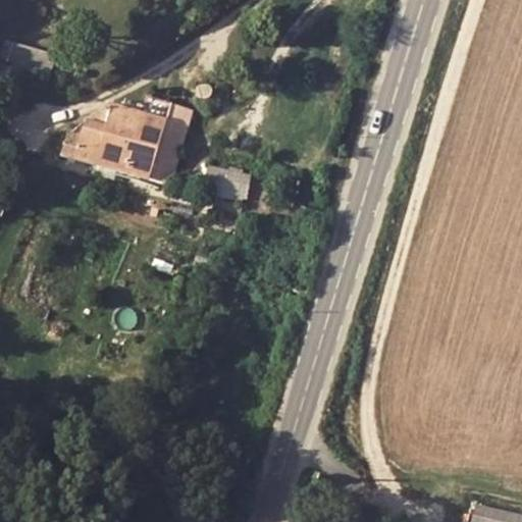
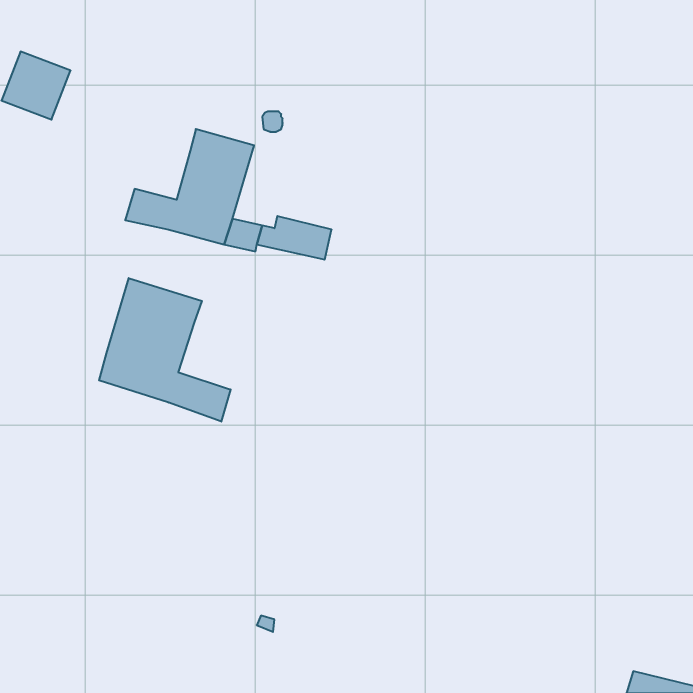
building: [60,106,144,165] -> none
building: none -> [99,278,231,422]

